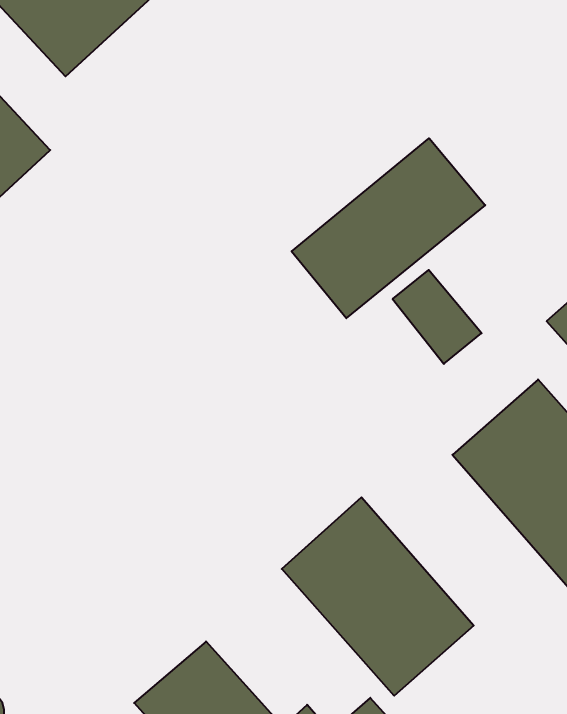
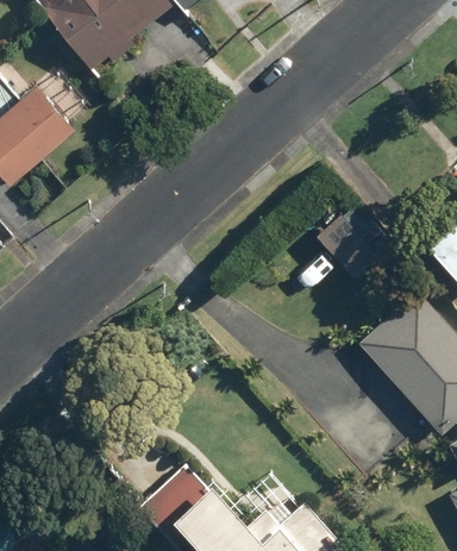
building: [292,138,485,318] -> none
building: [282,497,474,696] -> none

